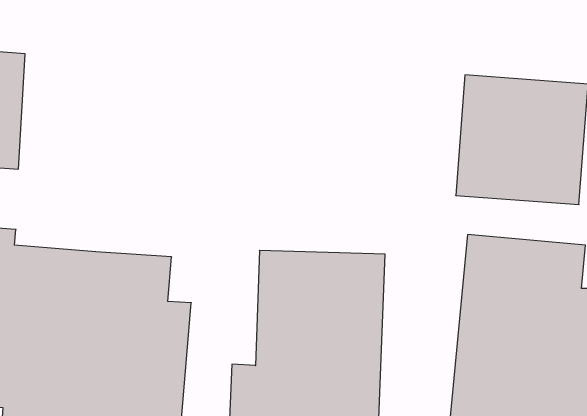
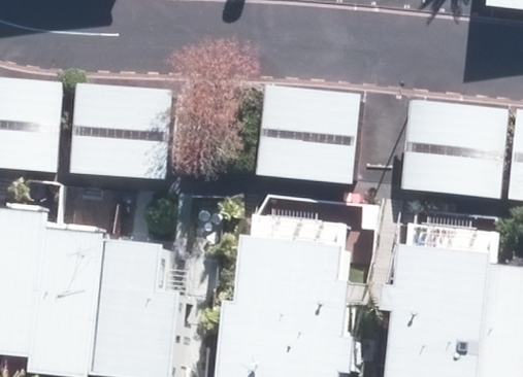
building: none -> [71,83,173,178]
building: none -> [251,84,360,182]

